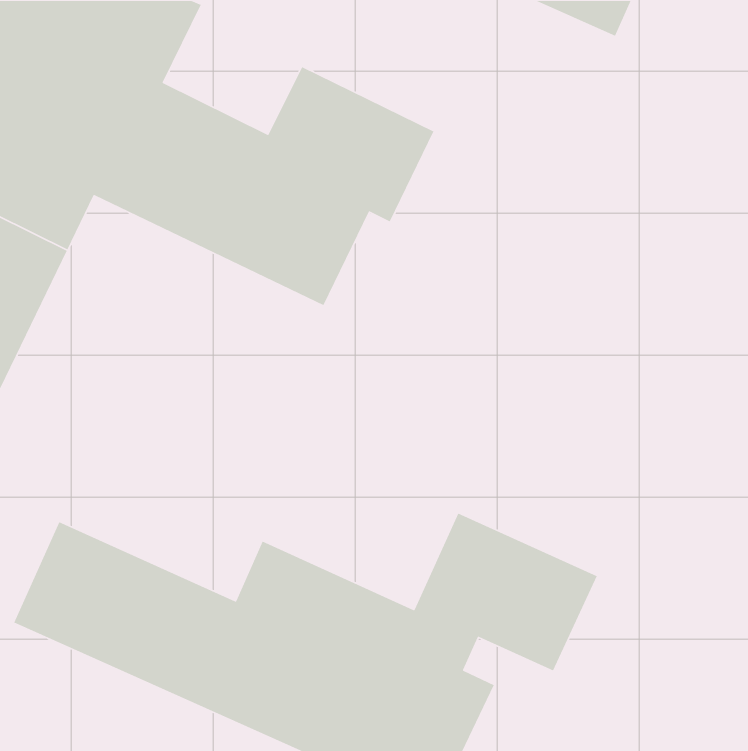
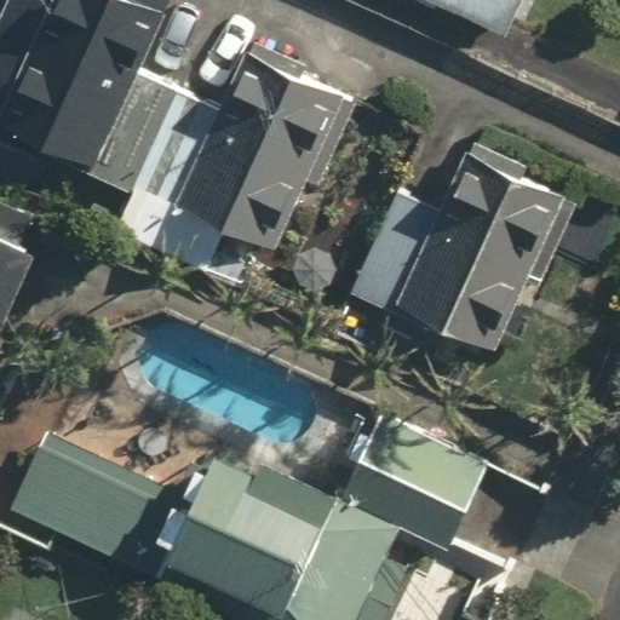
building: none -> [350,143,582,355]

